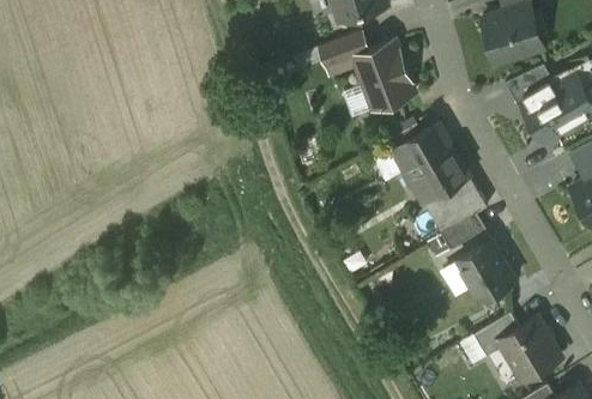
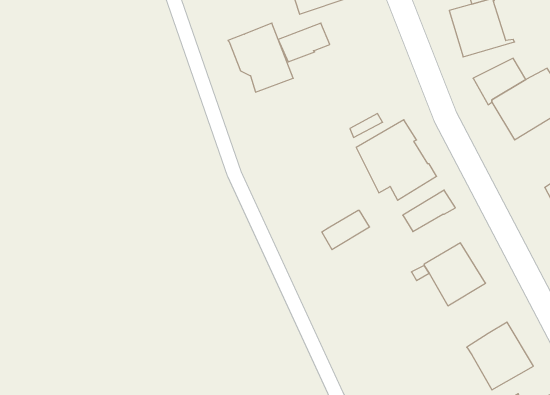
building: [351,42,413,108] -> [228,23,293,92]
building: [440,214,485,252] -> [322,211,370,250]
building: [473,314,518,358] -> none

